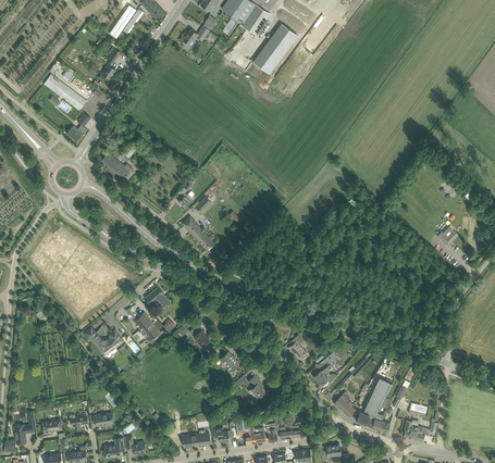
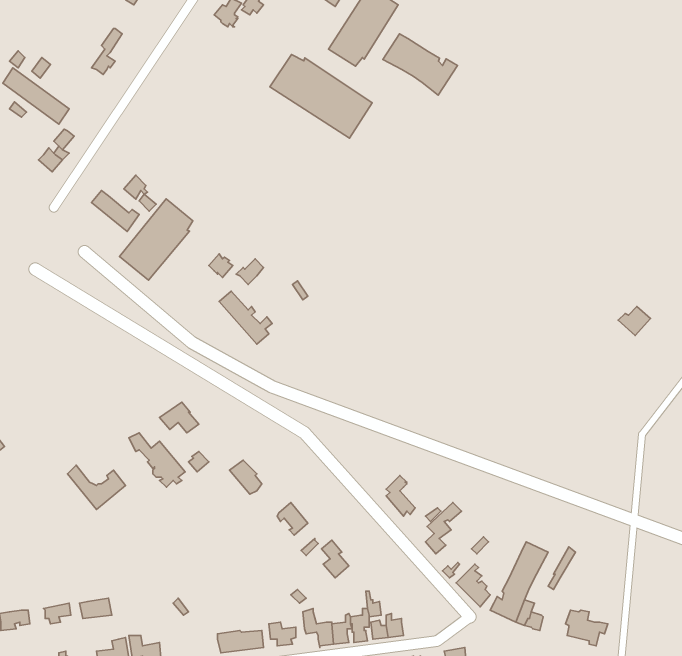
building: none -> [383,34,457,95]
building: none -> [270,54,372,138]
building: none -> [120,199,193,280]

